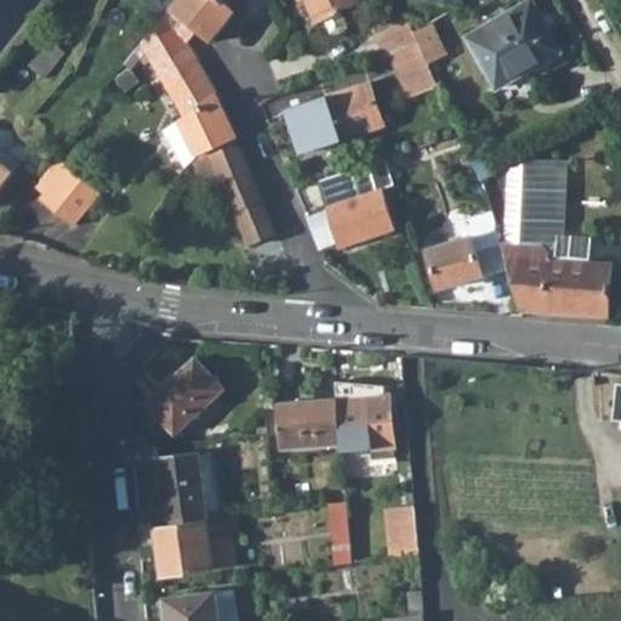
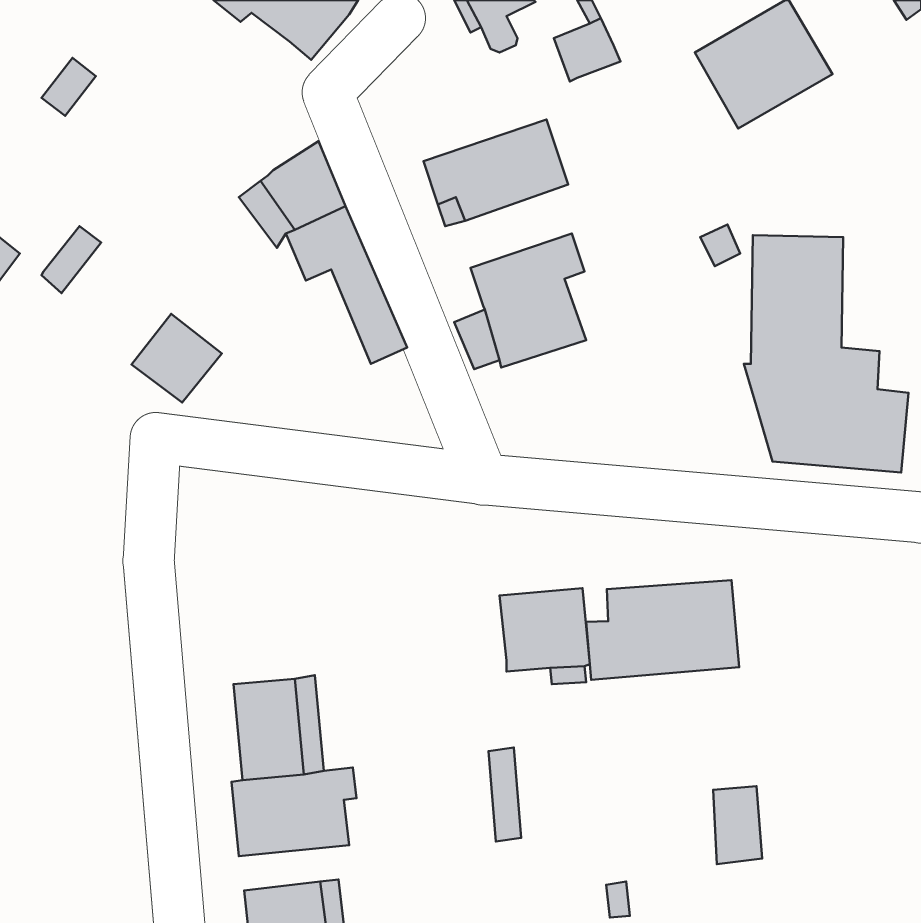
building: [139,10,213,115] -> none
building: [387,42,437,97] -> none
building: [41,164,102,223] -> [131,314,222,402]
building: [423,212,506,291] -> none
building: [143,358,223,435] -> none
building: none -> [586,580,739,680]
building: [275,400,340,449] -> none
building: [384,507,417,559] -> [713,786,762,864]

